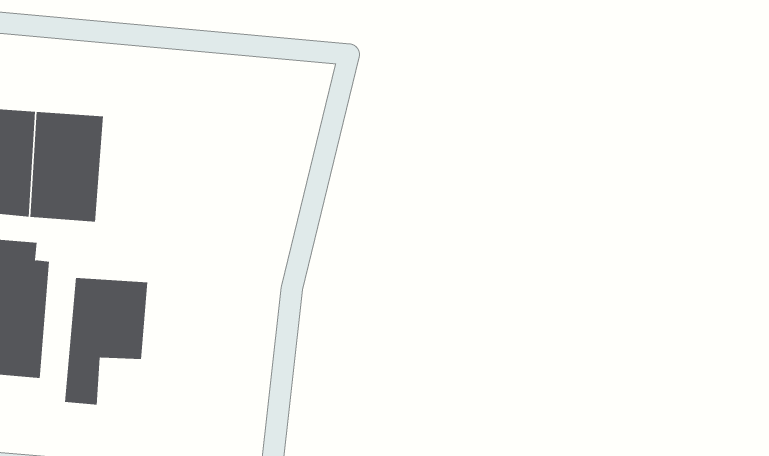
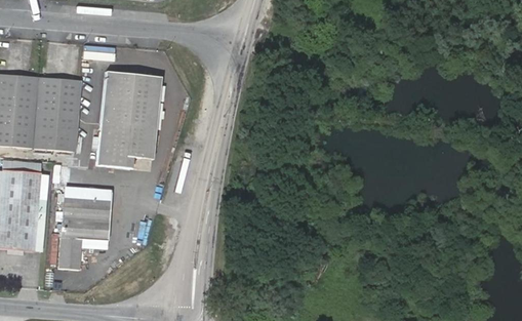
building: none -> [95,72,162,170]

